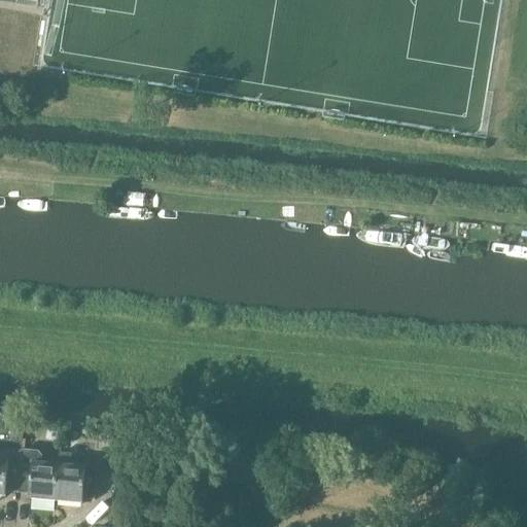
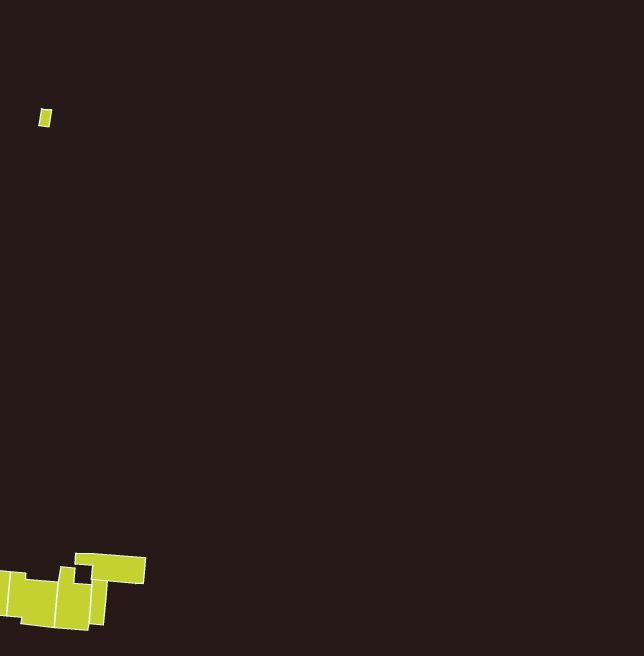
building: none -> [75,553,145,584]

